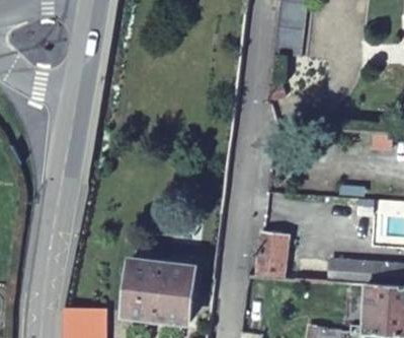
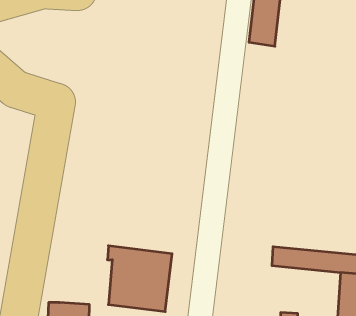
building: [254,230,286,274] -> none

